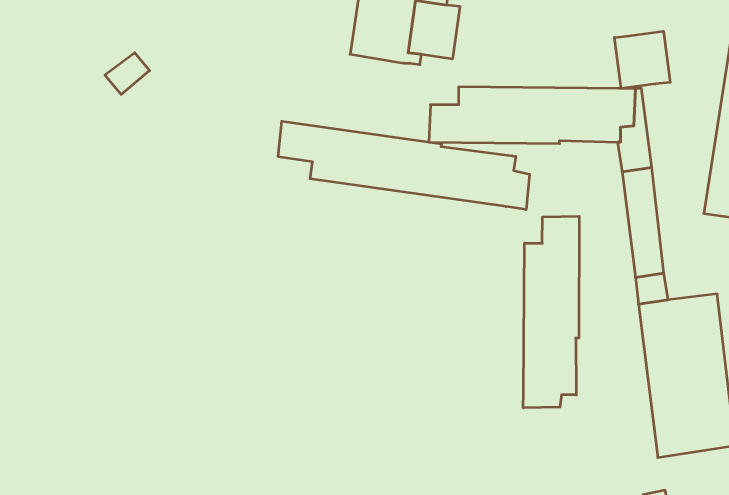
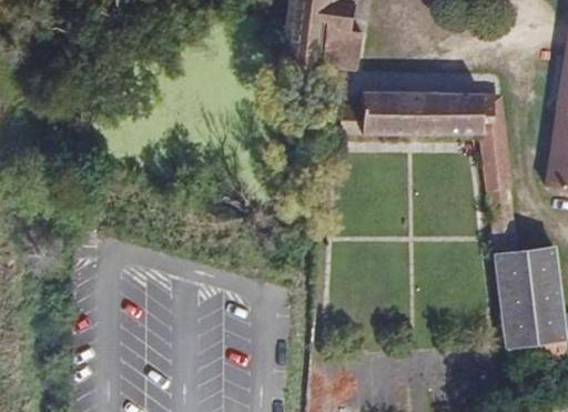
building: [614,31,670,88] -> none
building: [278,121,530,210] -> none
building: [523,216,579,408] -> none

